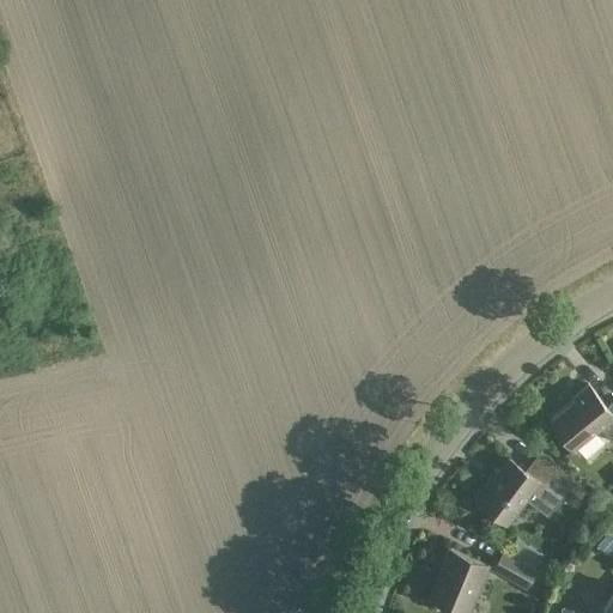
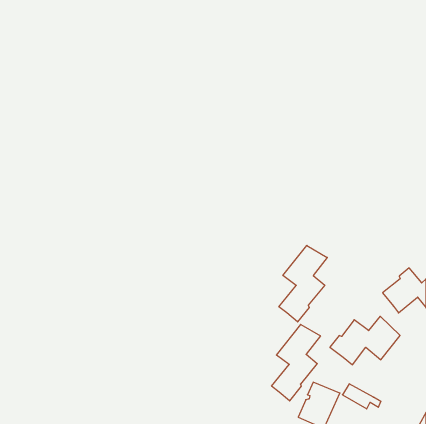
building: none -> [279,245,327,322]
building: none -> [272,324,320,401]

